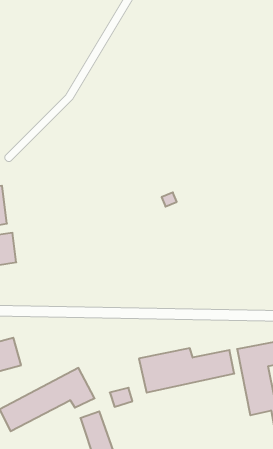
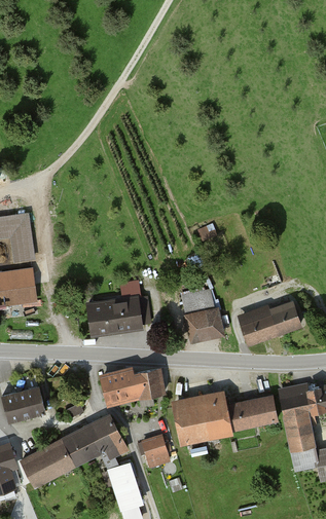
building: none -> [180,289,226,341]
building: none -> [83,295,140,336]
building: none -> [239,303,304,345]
building: none -> [101,369,164,402]

